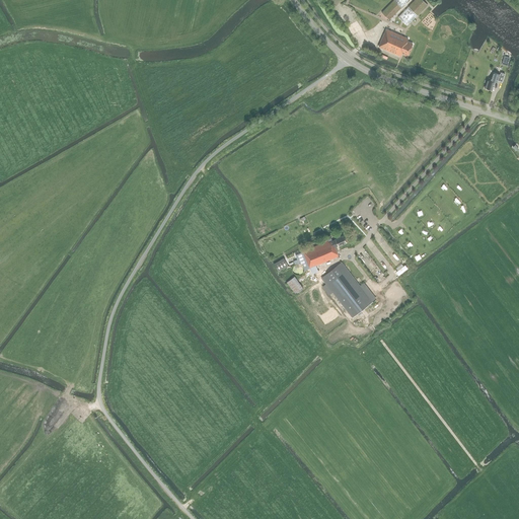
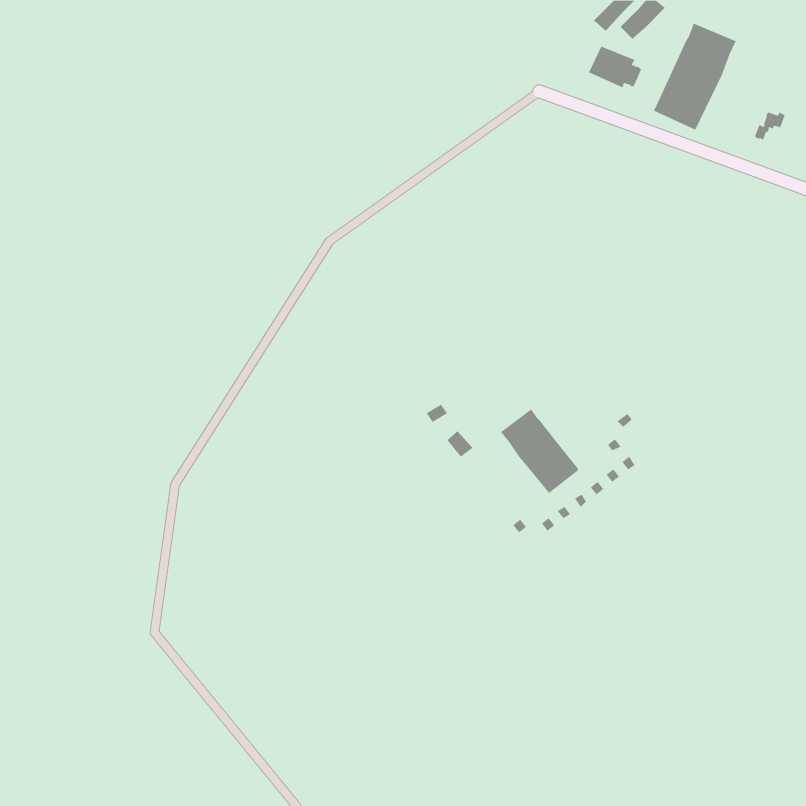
building: none -> [654,23,736,130]
building: [302,235,347,269] -> none

